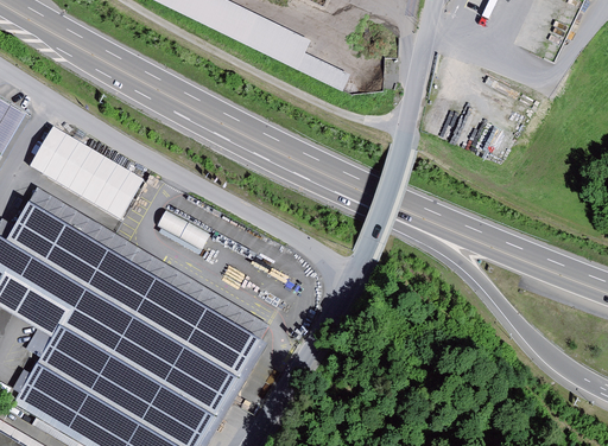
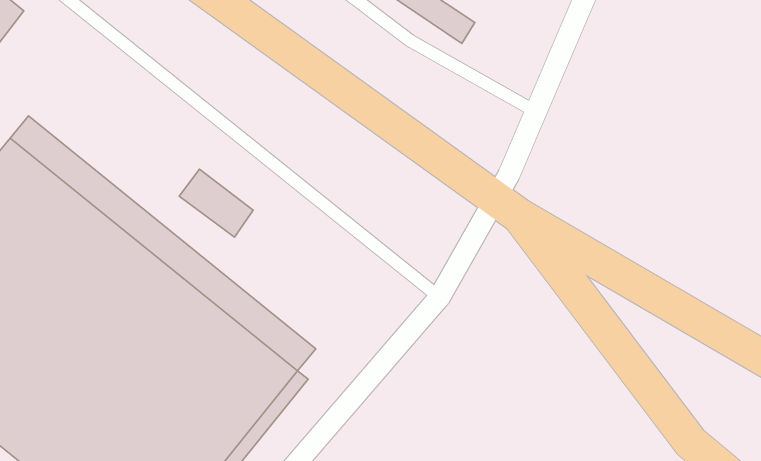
building: [21,122,135,216] -> none

